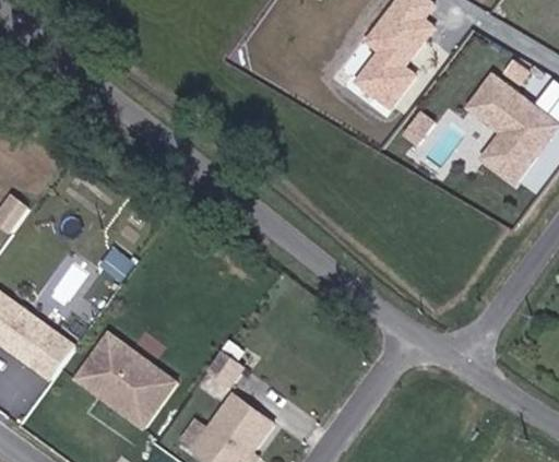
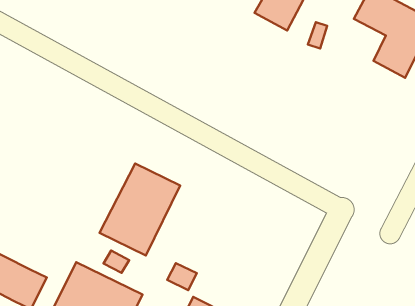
building: none -> [99,163,180,255]

